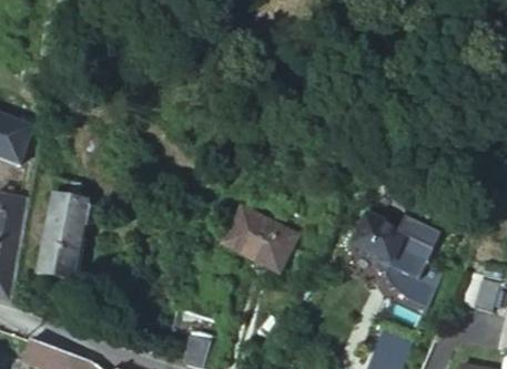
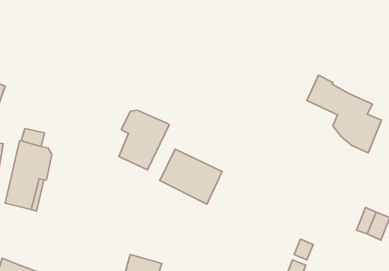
building: none -> [119,110,169,170]
building: [352,212,444,307] -> [307,75,382,153]

